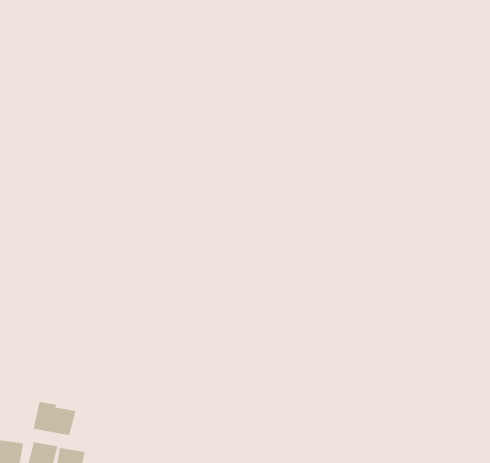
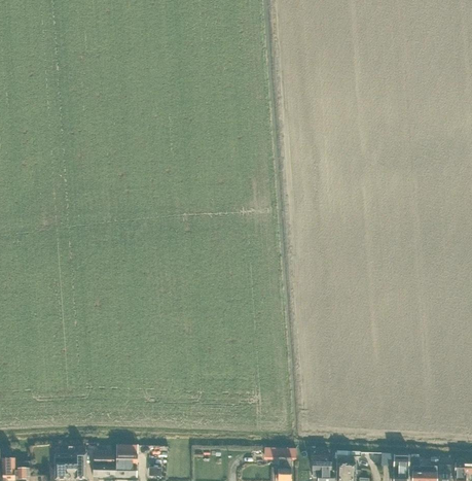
building: [33,401,76,436] -> none

